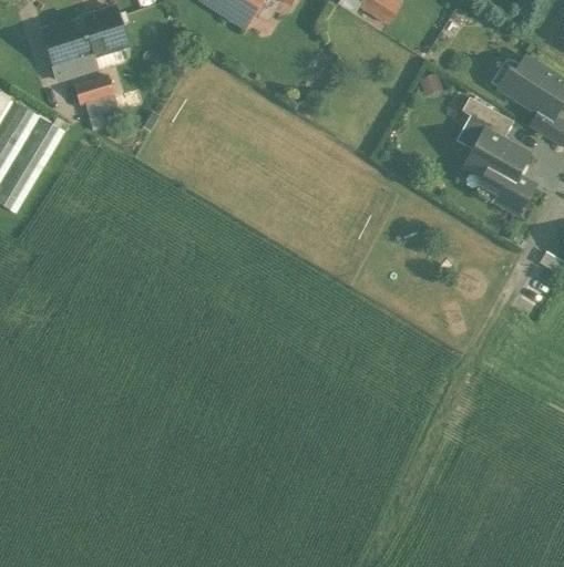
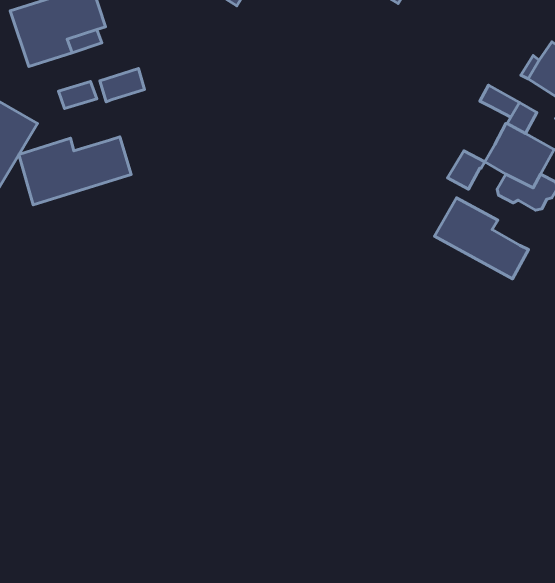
building: [73,73,113,103] -> [100,69,145,102]
building: [455,114,489,148] -> [448,151,485,189]
building: none -> [19,137,131,205]
building: none -> [435,198,529,279]

